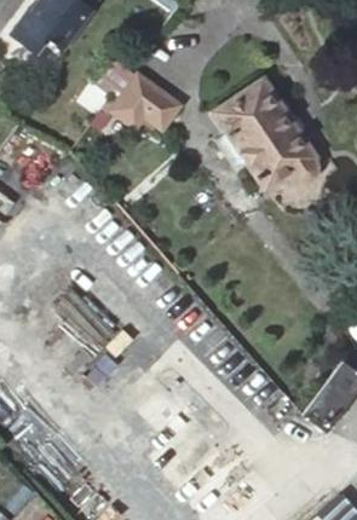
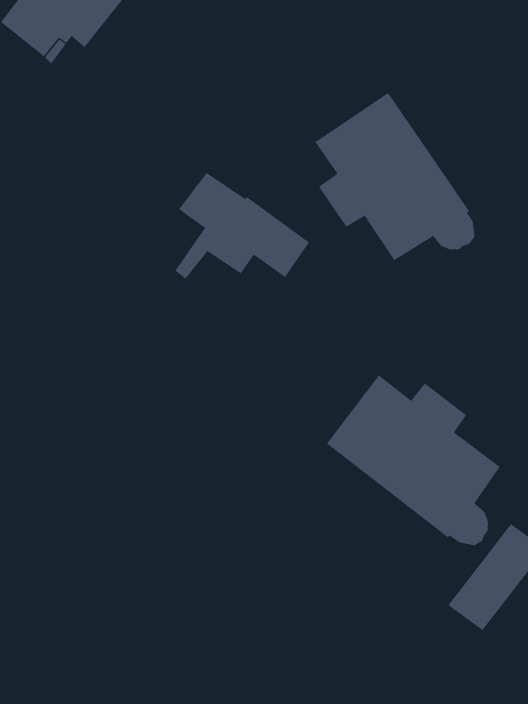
building: [92,59,180,129] -> [175,172,310,280]
building: none -> [326,374,501,546]

